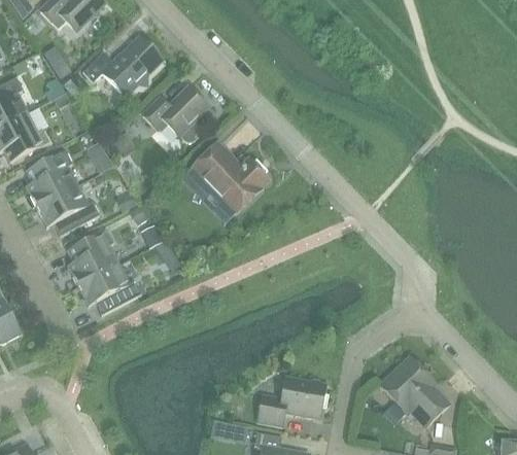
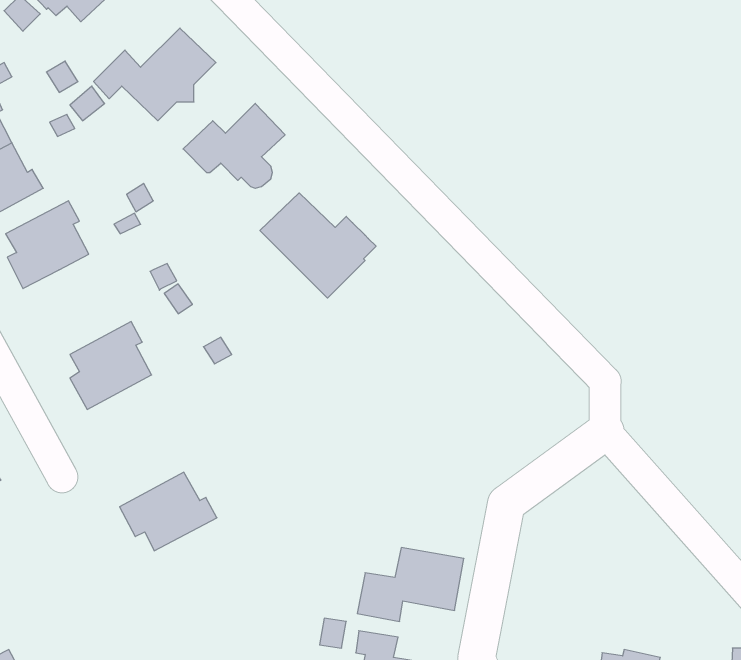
building: [36,183,100,235] -> none
building: [78,262,142,314] -> [120,472,217,551]
building: [383,358,447,423] -> none

